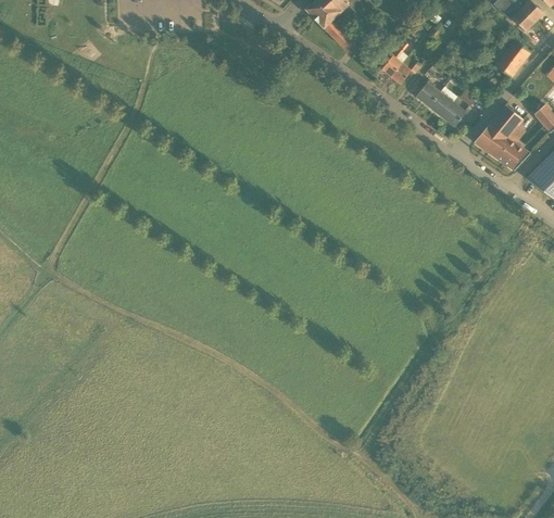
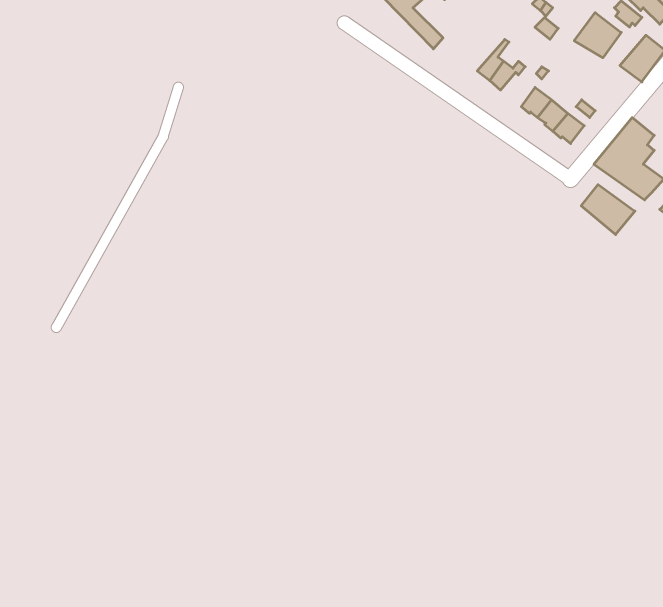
building: none -> [574,13,621,58]
building: none -> [581,185,635,235]

